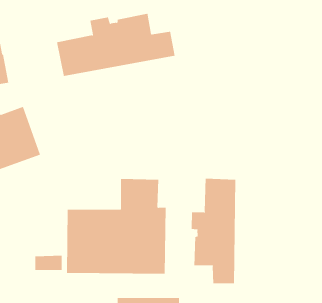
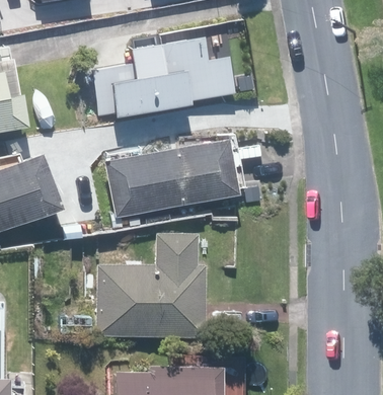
building: none -> [102,139,241,219]
building: [191,178,236,284] -> none

